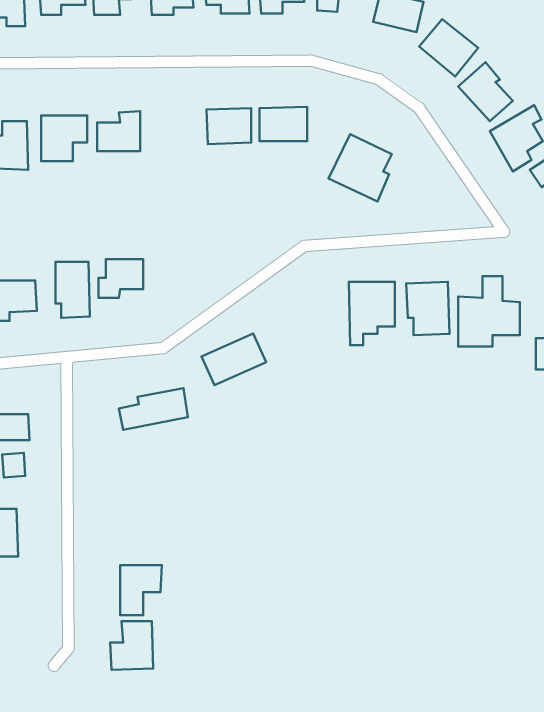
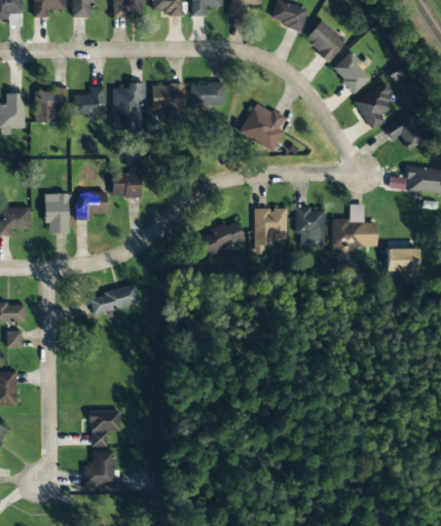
building: none -> [112,83,144,132]
building: none -> [112,172,141,197]
building: [202,334,266,385] -> [199,220,246,257]

